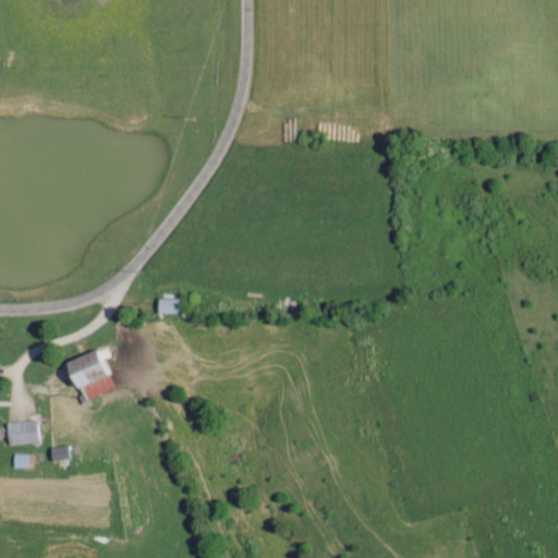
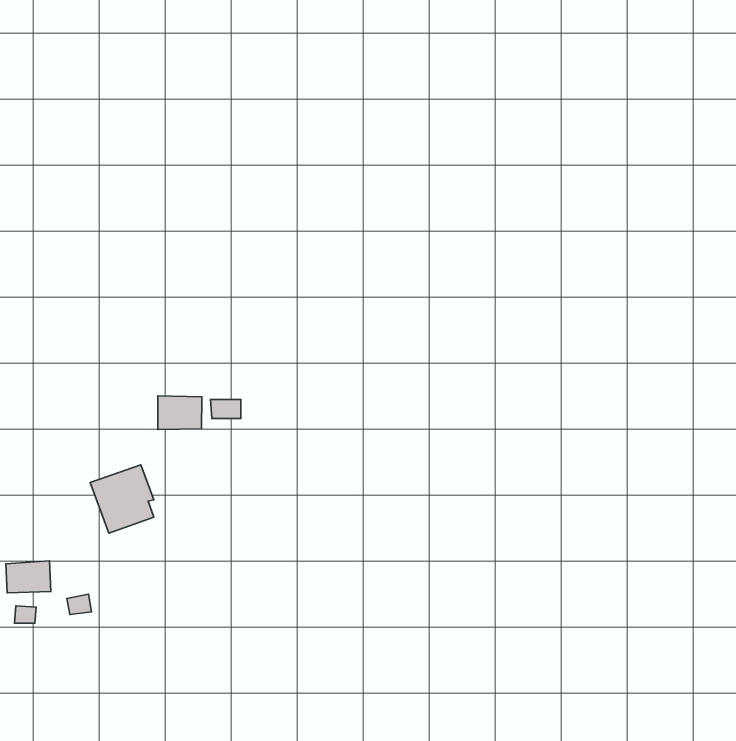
building: none -> [158,396,202,429]

